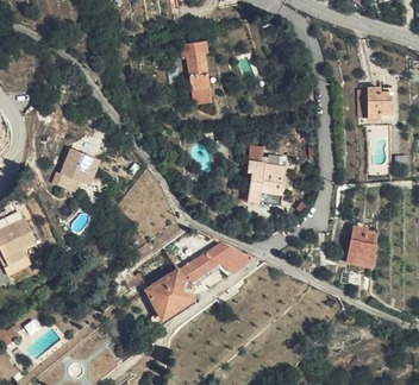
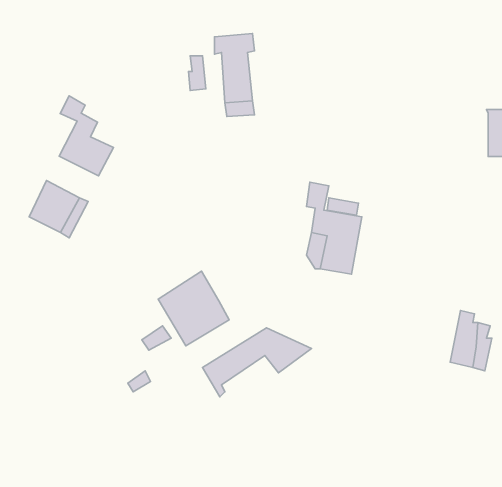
building: none -> [59,96,114,176]
building: [146,270,195,321] -> [158,271,229,346]

